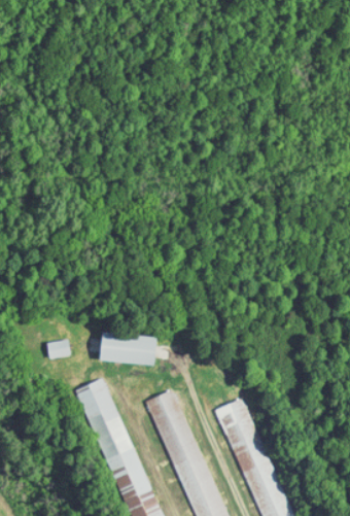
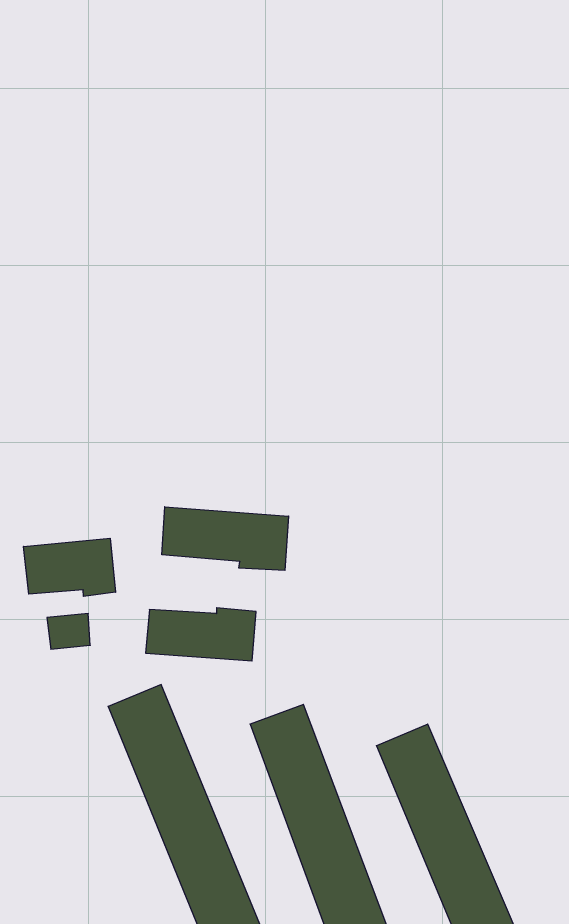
building: none -> [162,507,289,570]
building: none -> [24,538,116,596]

